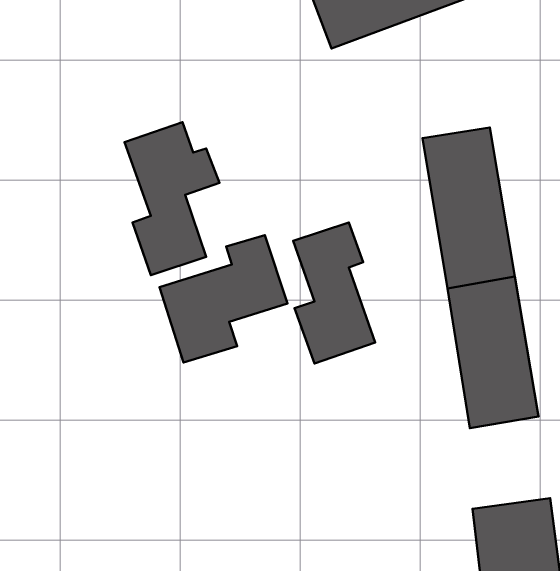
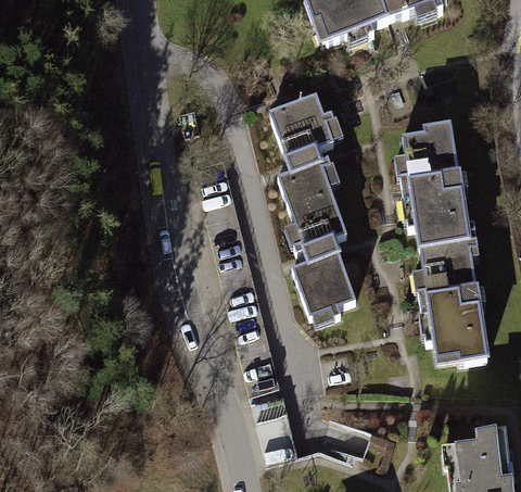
building: [125,122,219,275] -> [268,90,346,216]
building: [159,235,288,362] -> none

